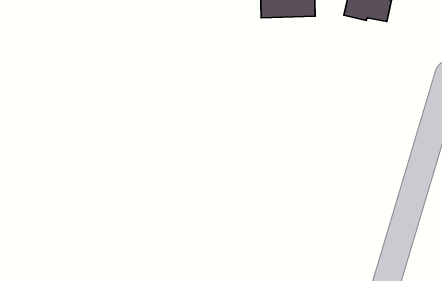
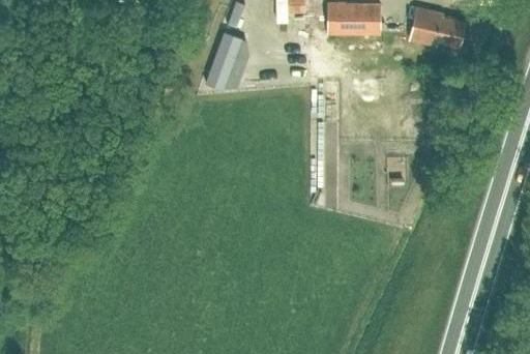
building: none -> [206,30,241,88]

